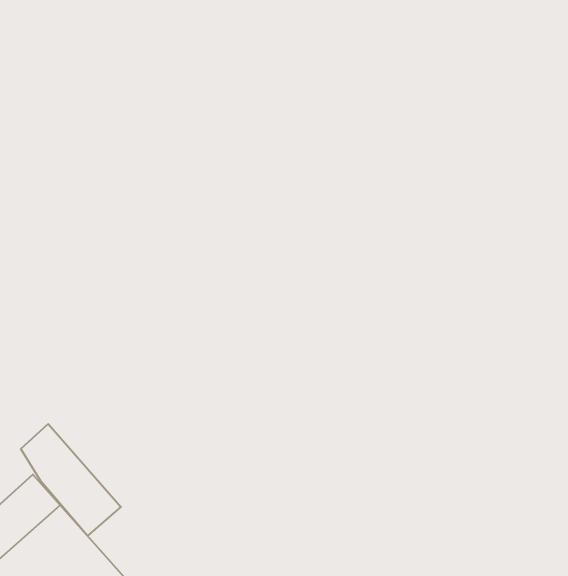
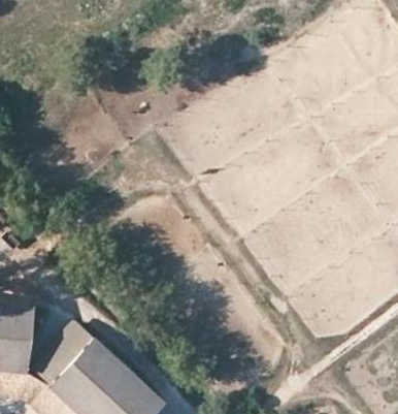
building: [21,424,121,536] -> none

